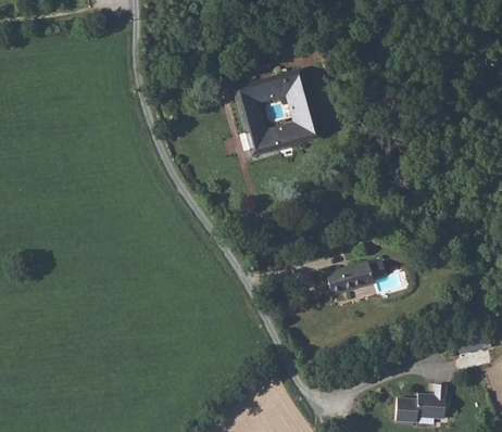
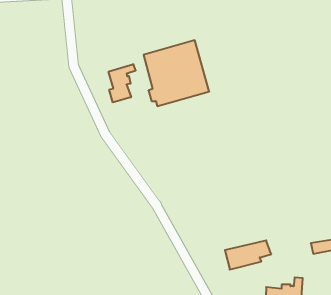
building: none -> [109,64,136,102]
building: [325,256,387,295] -> [225,240,271,270]

